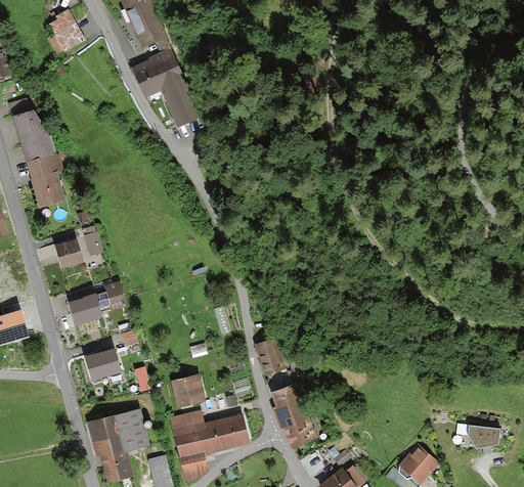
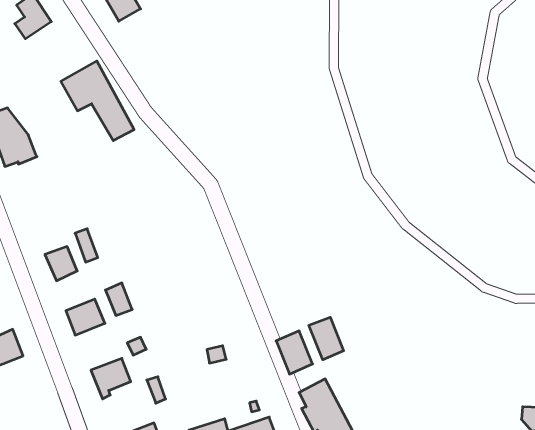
building: [133,52,194,125] -> [61,61,134,141]
building: [27,157,67,211] -> none
building: none -> [309,317,344,360]
building: [172,371,207,407] -> none

